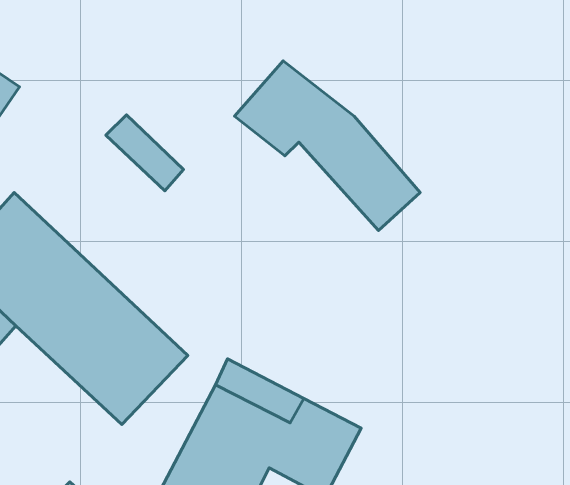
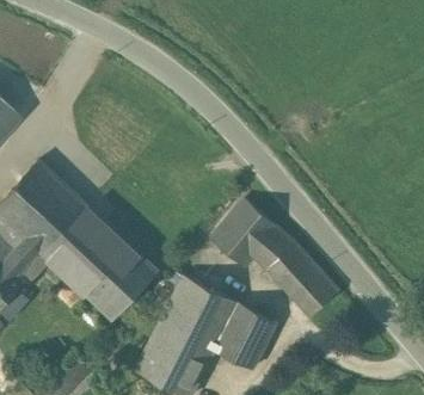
building: [235,61,420,230] -> [210,202,338,319]
building: [106,115,184,191] -> none

